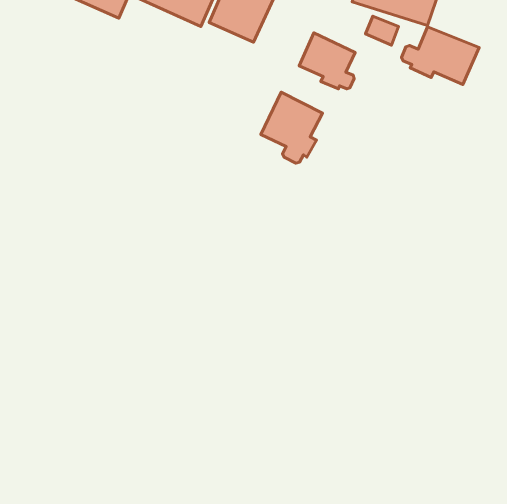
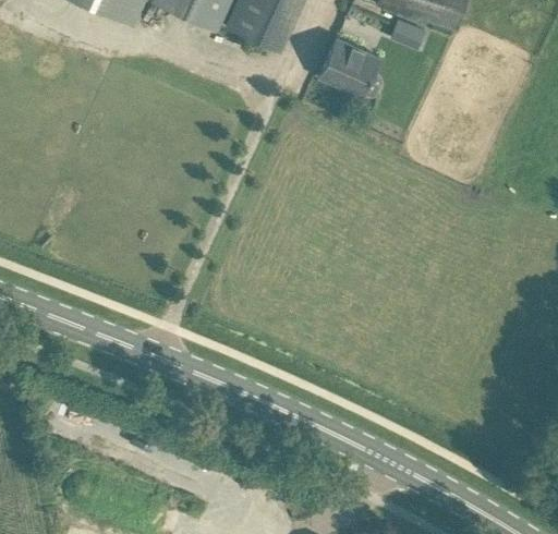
building: [401,27,479,85] -> none
building: [261,92,323,163] -> none

